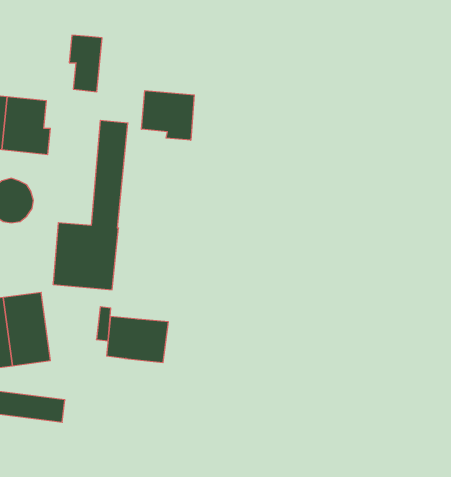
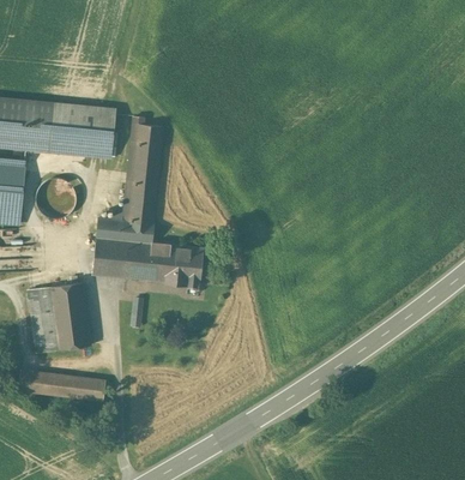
building: [69,35,102,92] -> [84,107,114,158]
building: [141,91,194,140] -> none
building: [107,317,168,363] -> [146,244,203,286]

